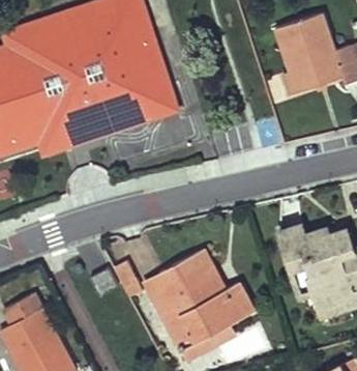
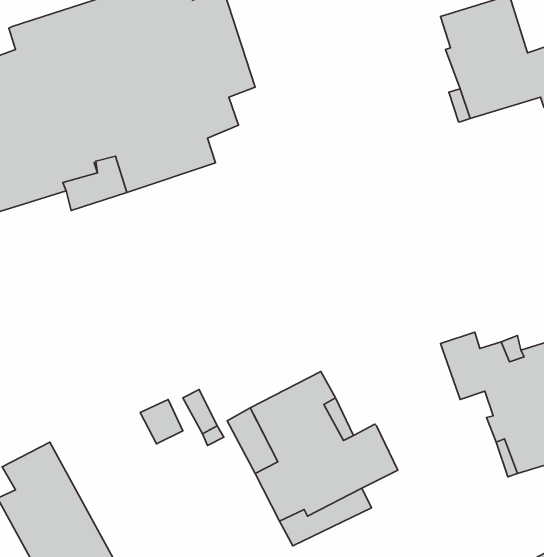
building: [132,72,174,119] -> none

